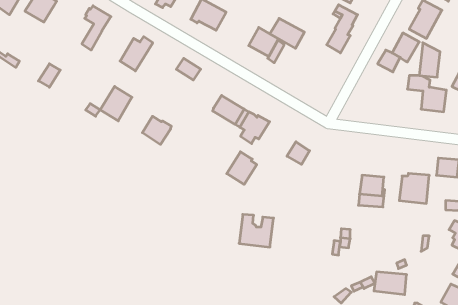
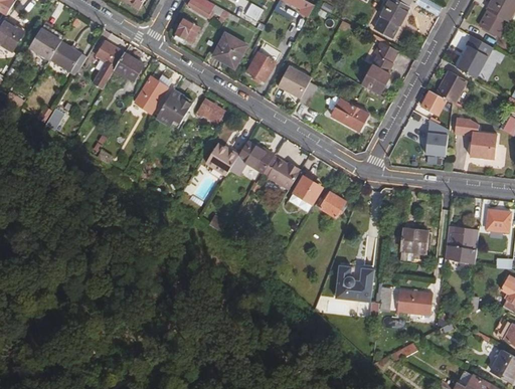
building: none -> [50,41,85,73]
building: none -> [245,52,274,80]
building: none -> [115,53,144,81]
building: [270,18,304,48] -> [330,99,368,132]
building: [419,43,440,77] -> [424,119,448,157]
building: [100,86,132,121] -> [157,89,192,128]
building: [142,116,171,144] -> [206,144,238,175]
building: [227,152,257,184] -> [288,176,321,212]
building: [239,214,274,247] -> [335,265,373,302]
building: [374,272,407,295] -> [396,289,433,315]

